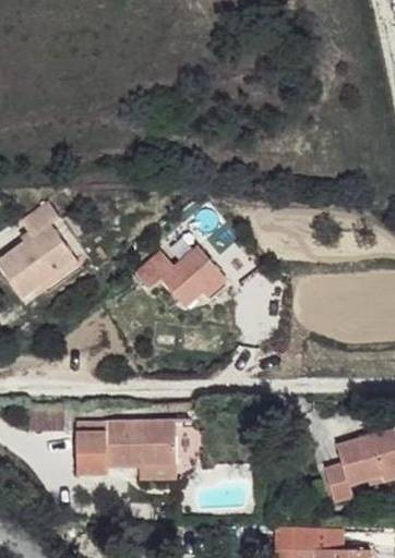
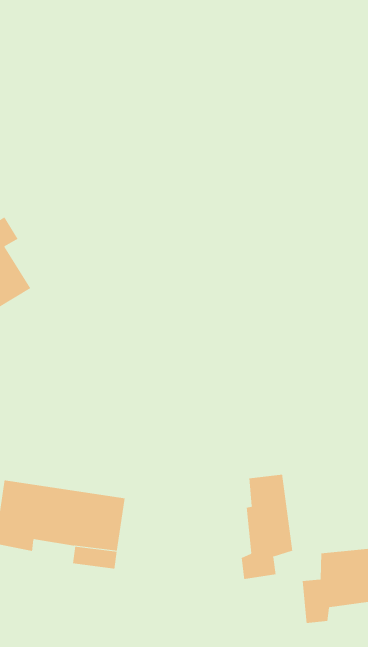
building: [134,236,229,298] -> none
building: none -> [241,474,293,580]

